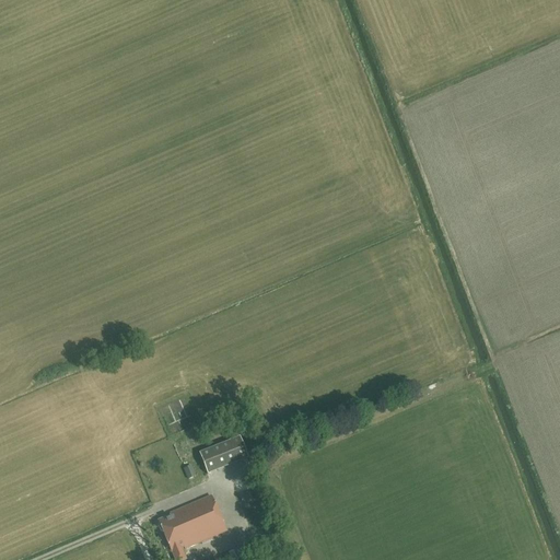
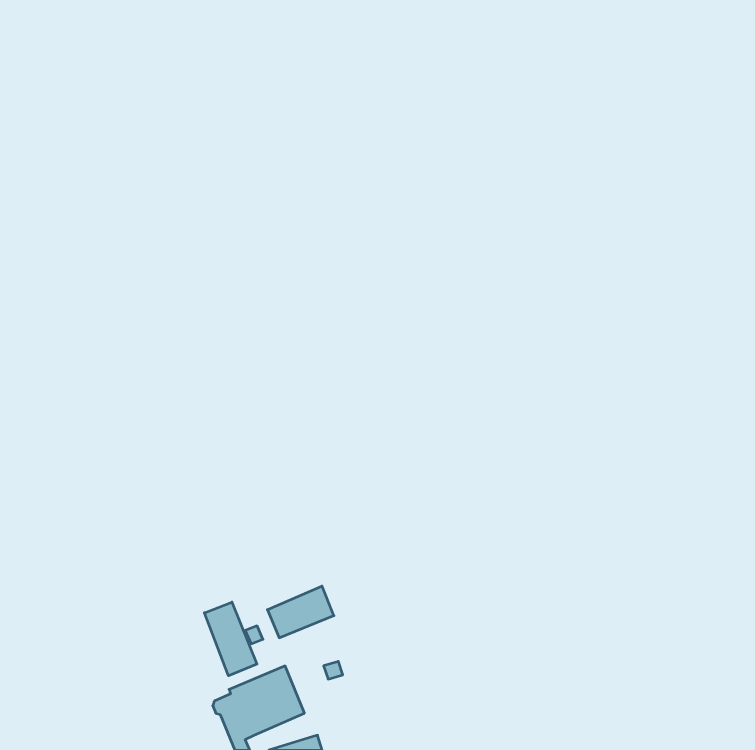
building: none -> [204,602,257,676]

